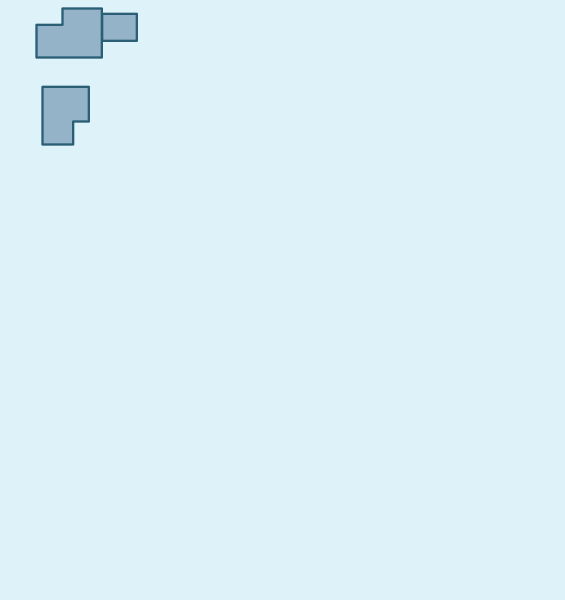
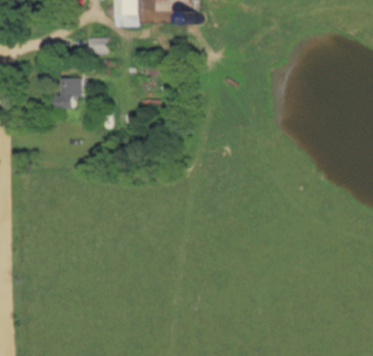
building: [36,8,102,57] -> none

